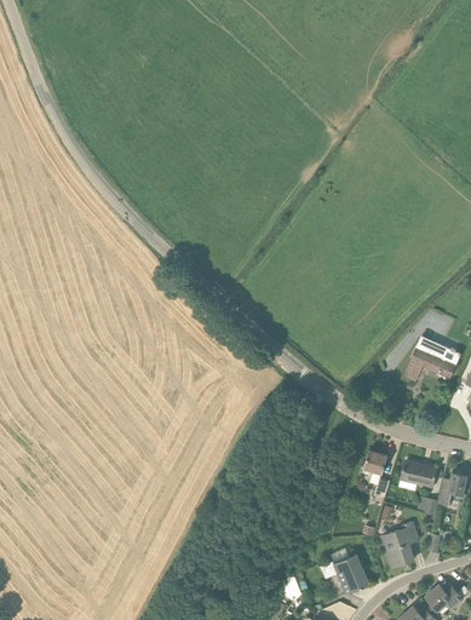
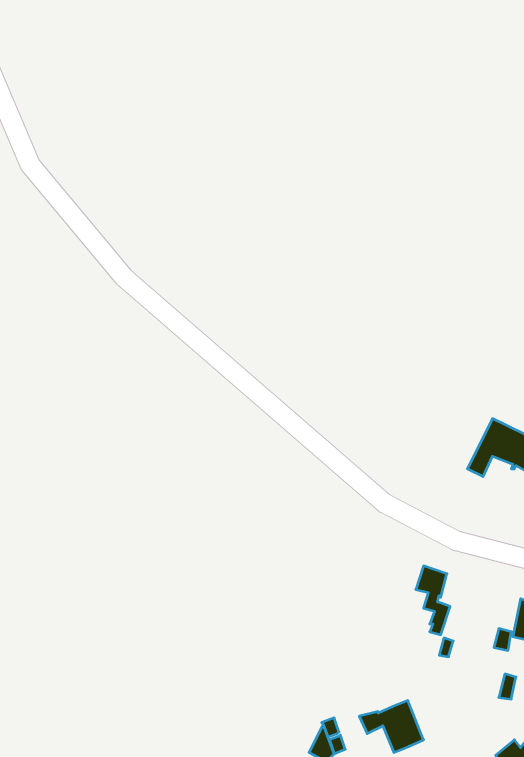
building: [400,460,436,487] -> none
building: [380,522,417,567] -> none

